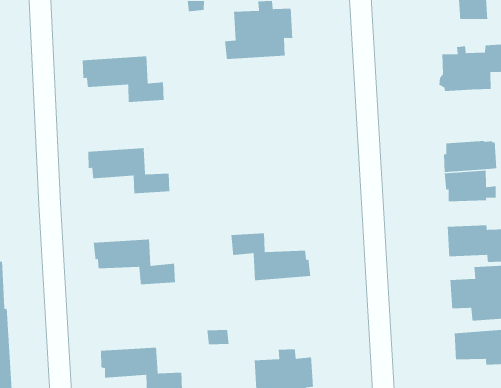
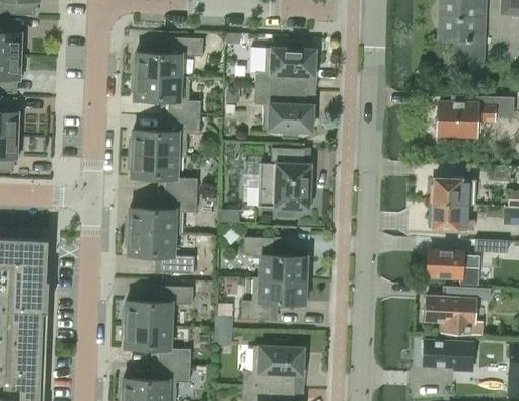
building: none -> [132,38,202,79]
building: none -> [253,89,312,140]
building: none -> [129,117,199,157]
building: none -> [257,149,311,217]
building: none -> [126,195,196,235]
building: none -> [240,278,308,320]
building: none -> [123,287,193,327]

